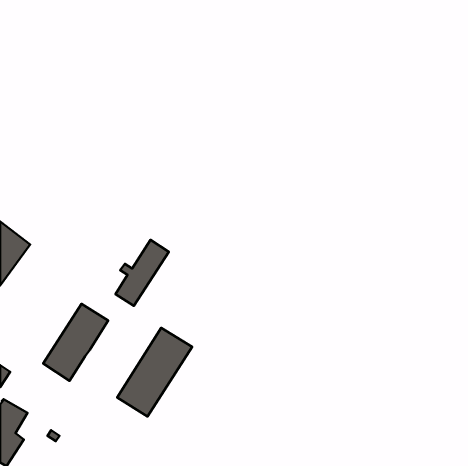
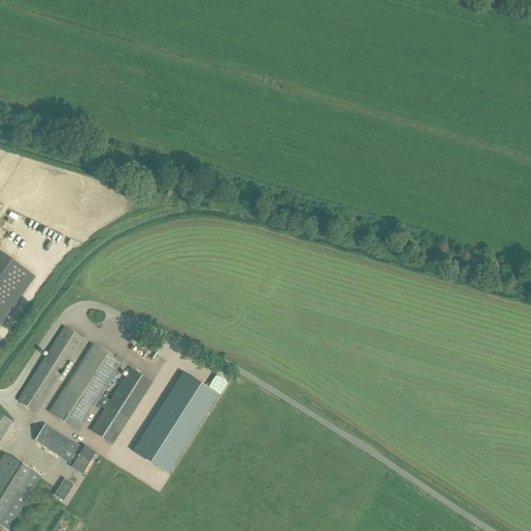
building: [116,240,169,306] -> [91,369,151,444]
building: none -> [17,327,83,412]
building: none -> [34,423,95,472]

